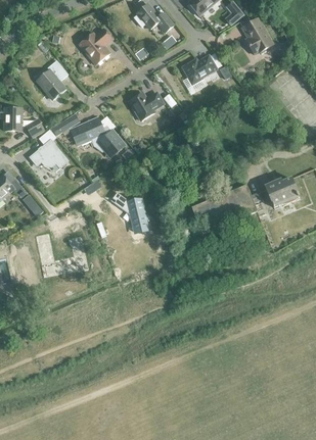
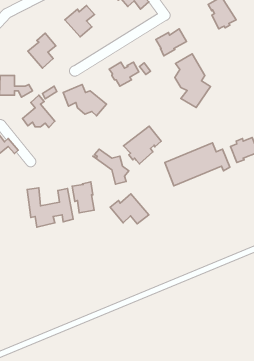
building: none -> [175,54,210,108]
building: none -> [124,126,161,164]
building: none -> [72,182,94,213]
building: none -> [110,194,149,224]

